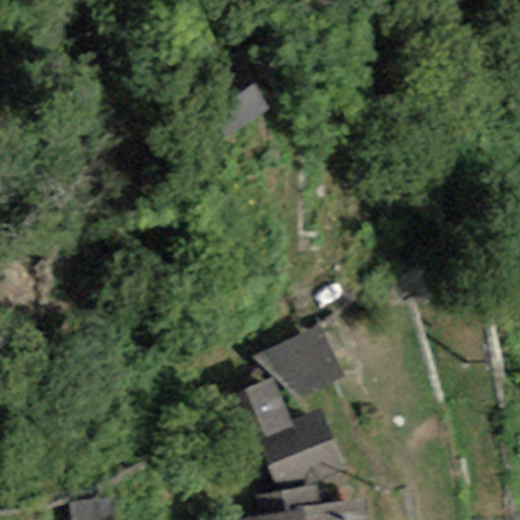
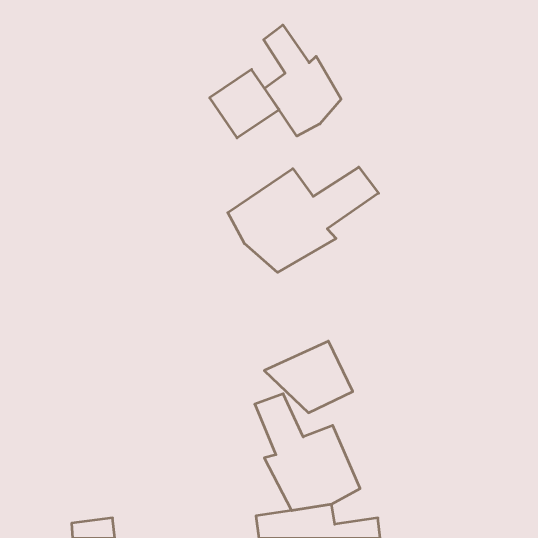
building: none -> [264,25,341,136]
building: none -> [228,167,379,272]

